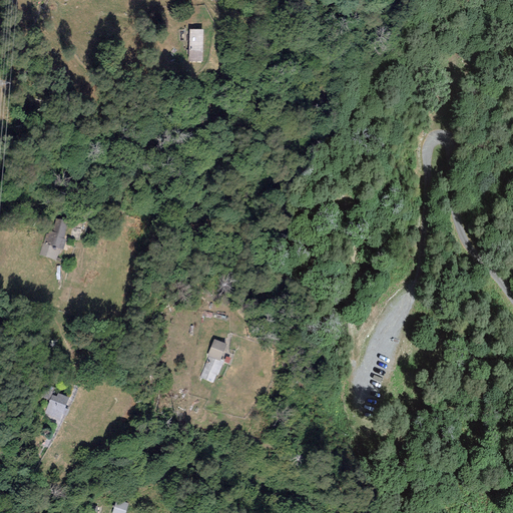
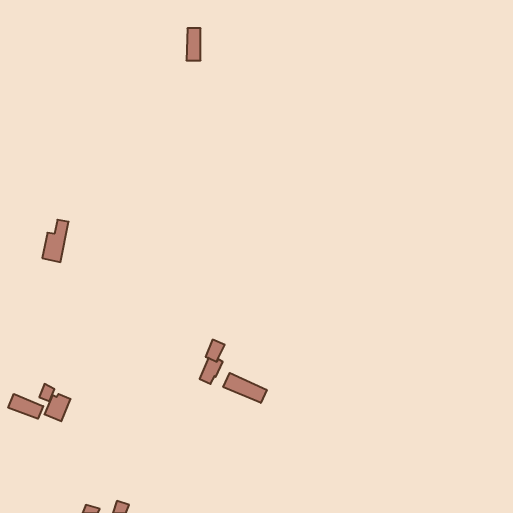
building: none -> [223,373,267,403]
building: none -> [8,394,43,419]

